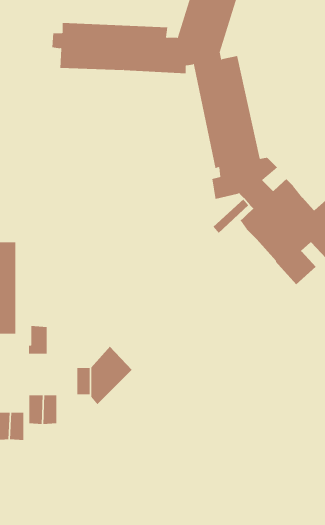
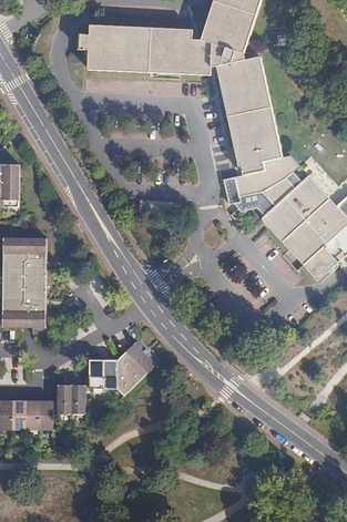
building: [28,326,48,354] -> [84,358,103,386]

